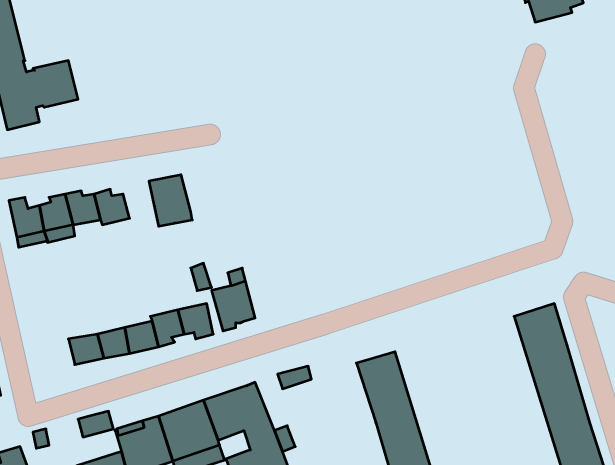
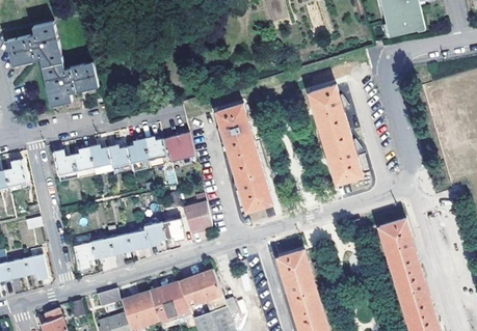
building: none -> [310,84,364,183]
building: none -> [215,104,273,210]
building: none -> [164,131,194,159]
building: none -> [127,139,150,172]
building: none -> [74,241,96,268]

